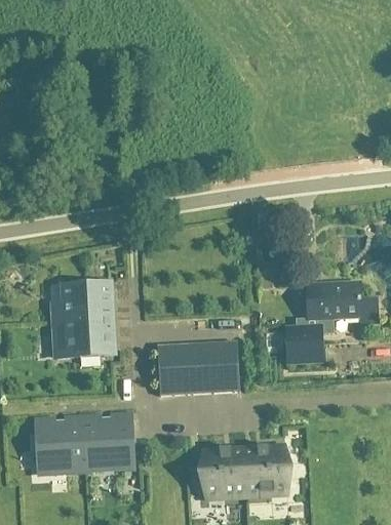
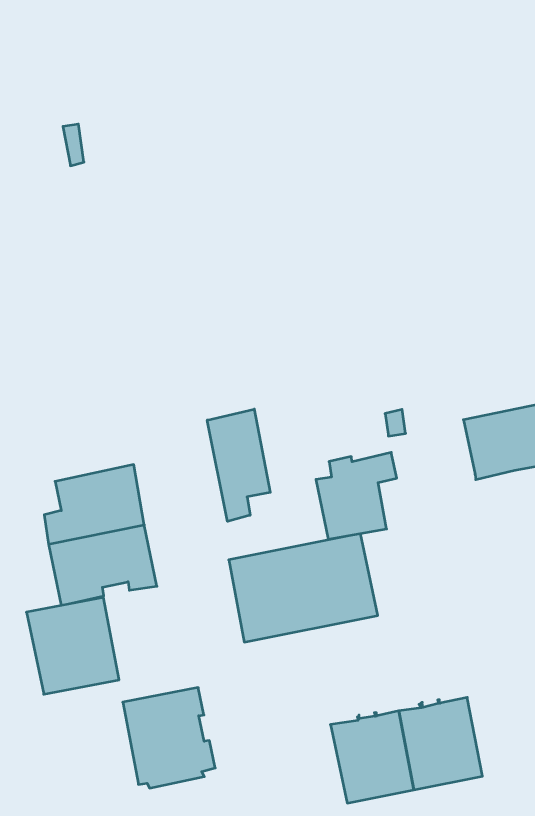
building: none -> [207,409,270,521]
building: [285,317,333,363] -> [316,452,397,539]
building: [37,419,85,471] -> [26,597,119,694]

